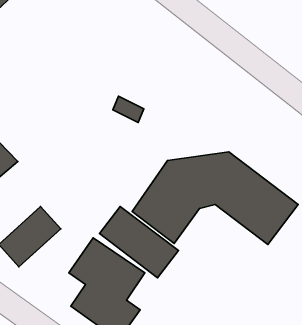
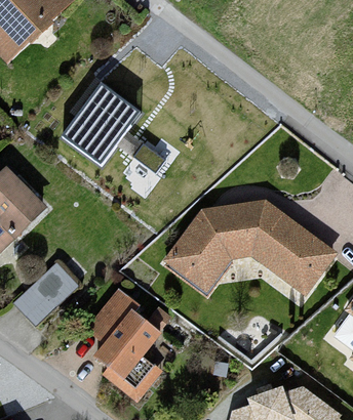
building: none -> [67,81,146,164]
building: [100,207,178,278] -> none

